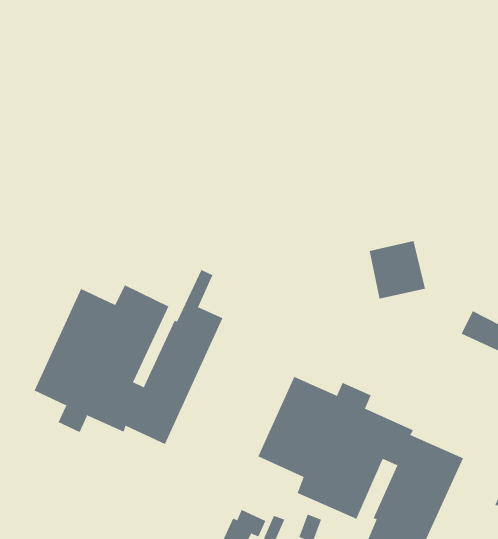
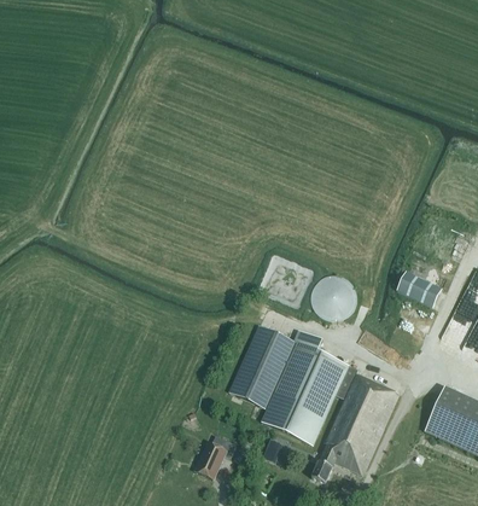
building: [369,241,426,299] -> [314,273,361,321]
building: [34,269,223,445] -> none

